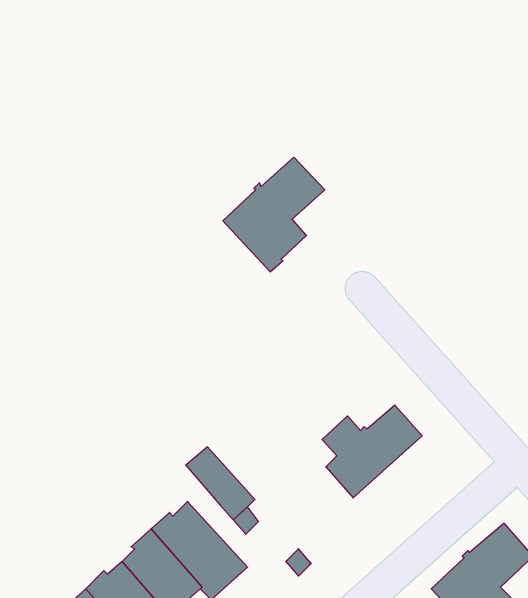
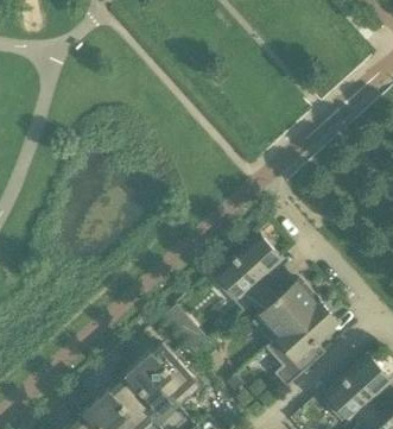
building: [223,157,325,272] -> [213,236,279,311]
building: none -> [271,299,336,386]

